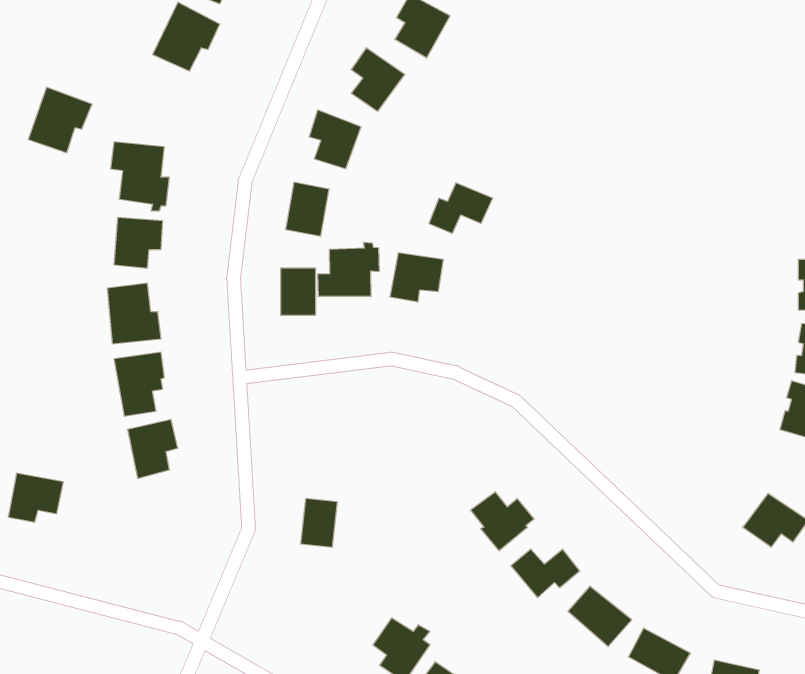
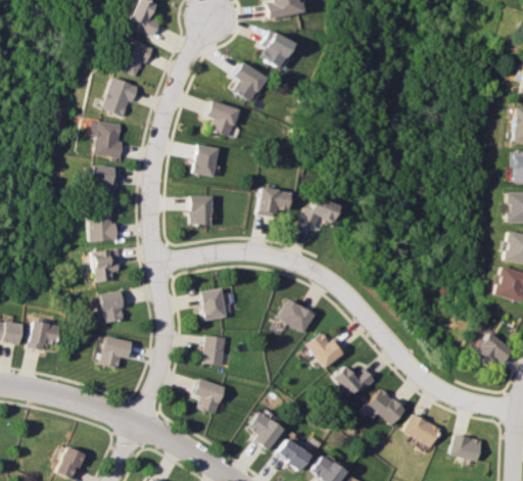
building: [28,87,92,153] -> [101,77,140,116]
building: [429,183,493,233] -> [299,197,338,228]
building: [318,242,379,297] -> none
building: none -> [202,288,229,321]
building: none -> [280,299,316,332]
building: none -> [100,336,133,370]
building: none -> [195,378,227,415]

